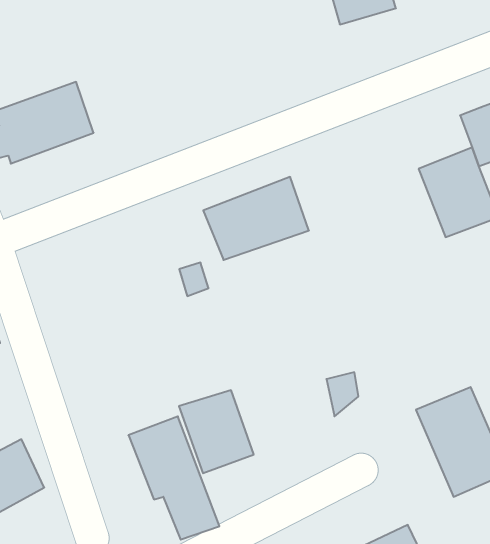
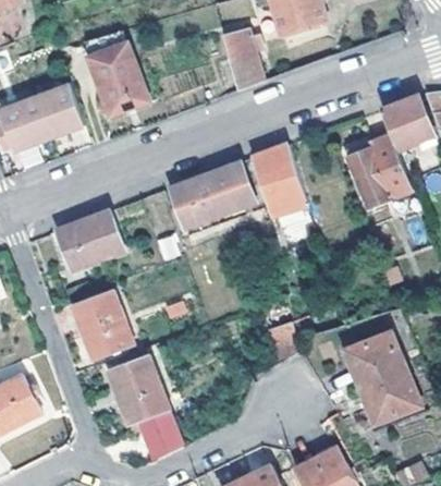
building: none -> [220,27,262,90]
building: none -> [88,44,148,114]
building: none -> [249,144,306,216]
building: none -> [57,210,123,269]
building: [179,390,254,473] -> [72,291,133,359]

